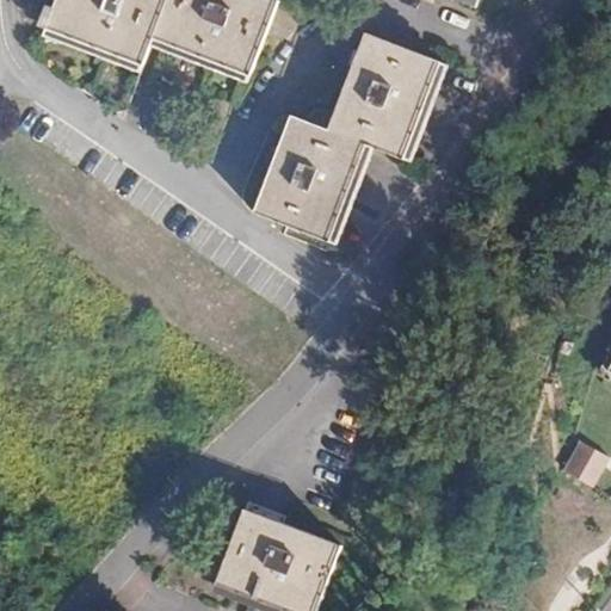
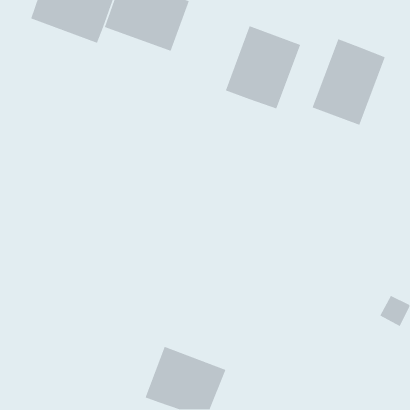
building: none -> [312,38,386,126]
building: [255,119,366,242] -> none

